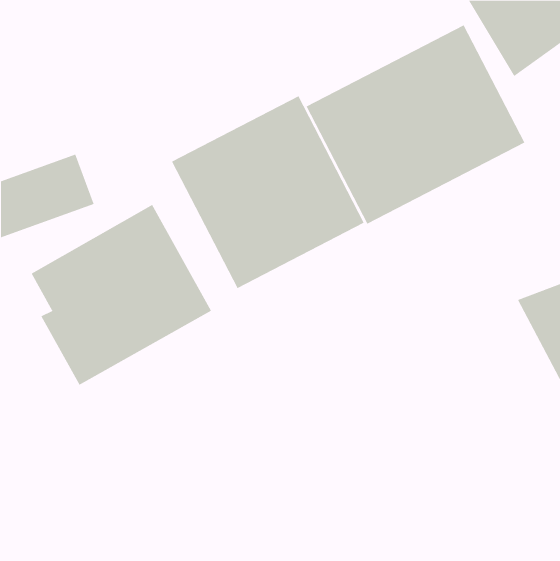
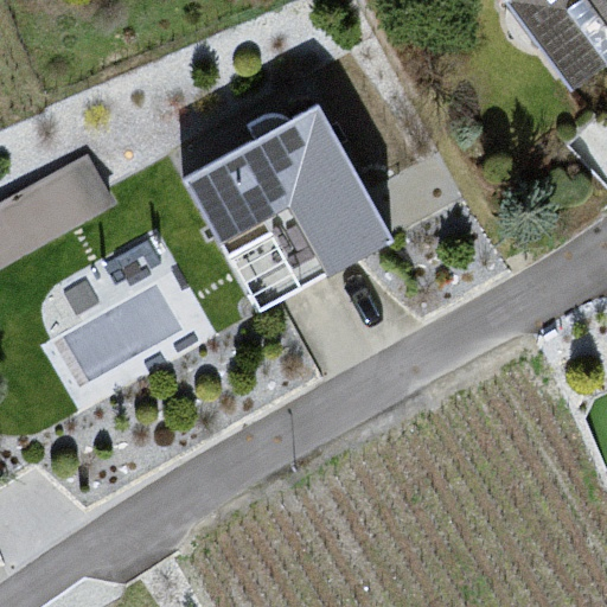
building: [306,25,525,225] -> none

